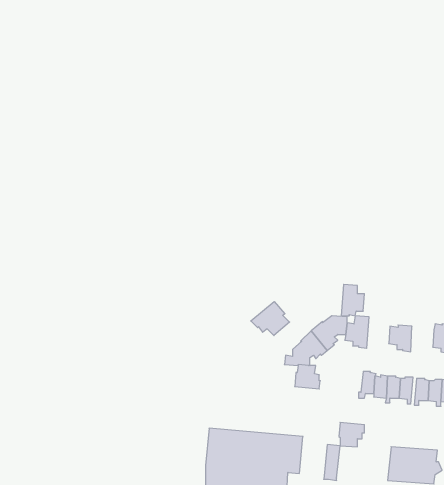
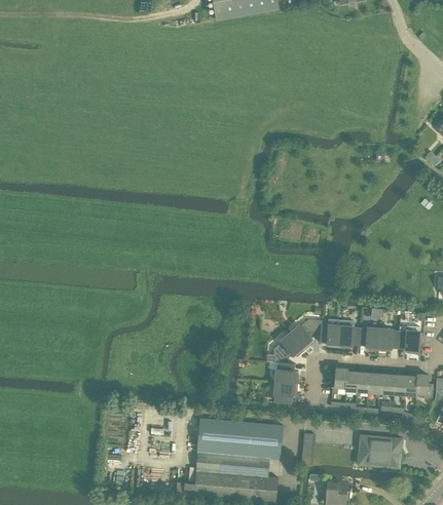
building: [341,284,364,316] -> [339,319,360,347]
building: [251,302,290,336] -> none
building: none -> [378,327,399,350]
building: [339,422,364,447] -> [274,381,297,402]

